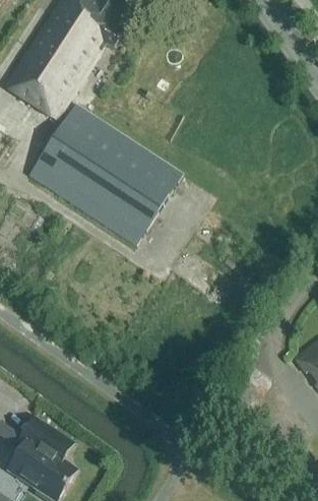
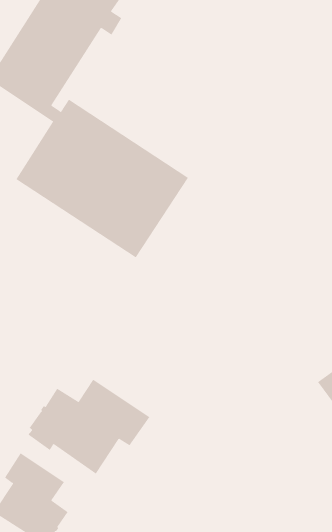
building: none -> [27,379,150,475]

